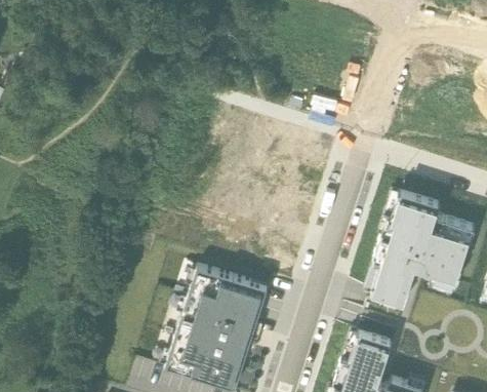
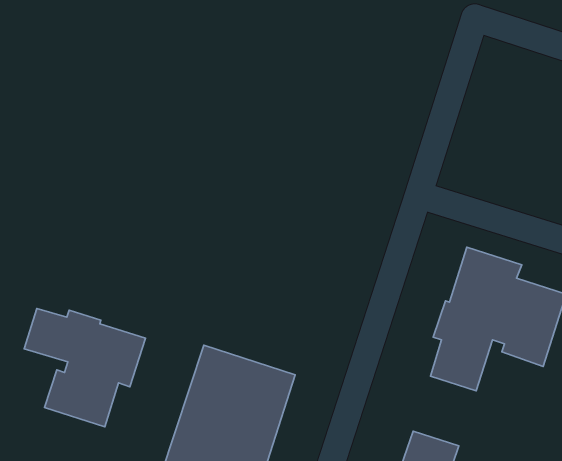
building: none -> [24,308,146,427]

